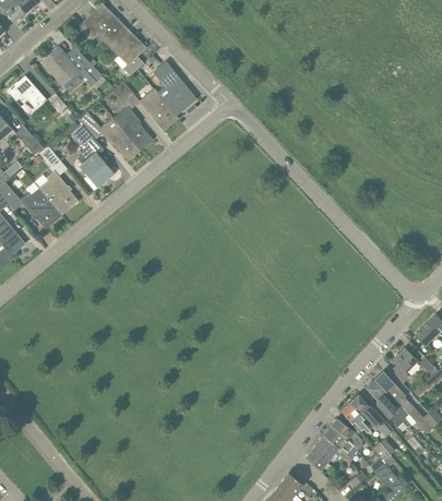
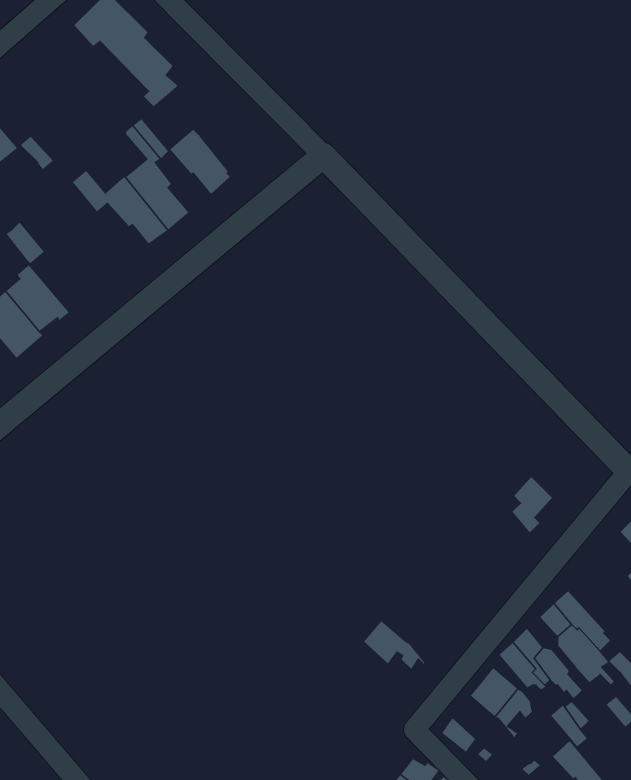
building: [41,46,89,84] -> none
building: [153,62,193,114] -> none
building: [73,120,115,190] -> none
building: [392,347,417,382] -> [512,476,553,533]
building: [312,434,350,465] -> [363,620,426,670]

